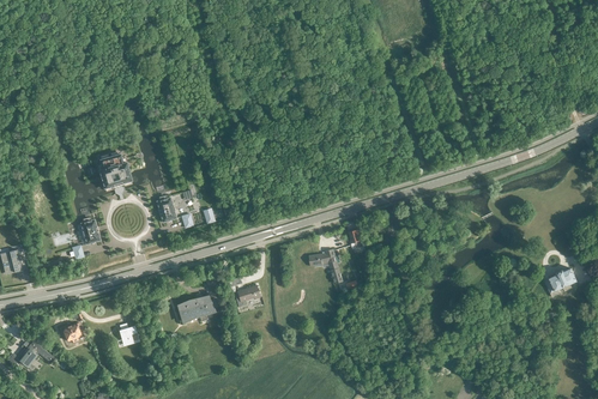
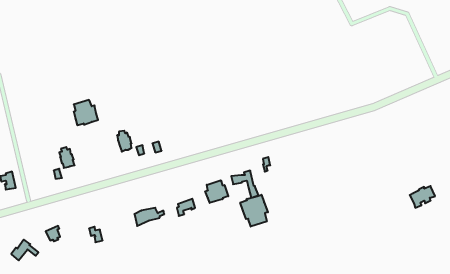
building: none -> [205,180,228,203]
building: none -> [240,195,268,227]

